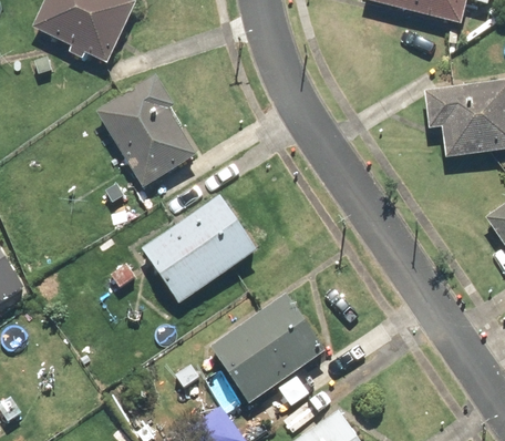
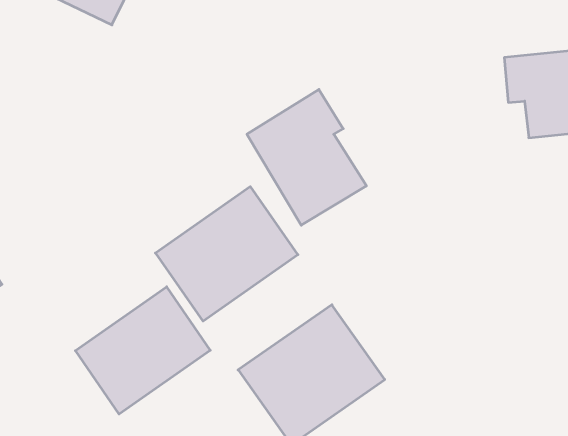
building: [97,75,195,186] -> [247,89,366,225]
building: none -> [75,287,210,414]

